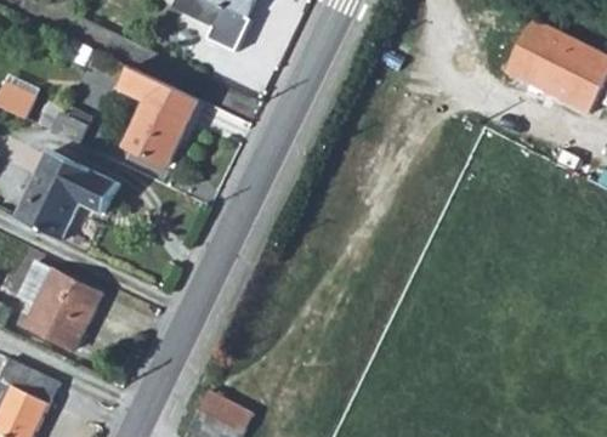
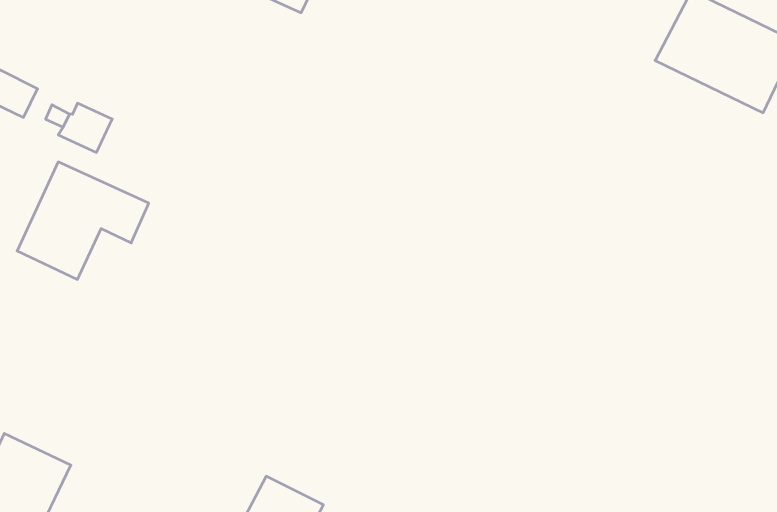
building: [118,67,198,165] -> none
building: [15,261,101,350] -> none

